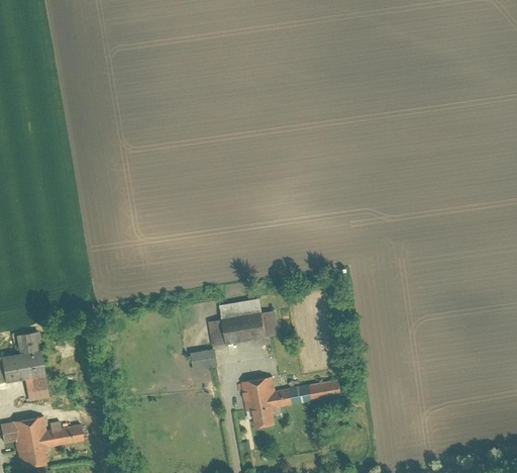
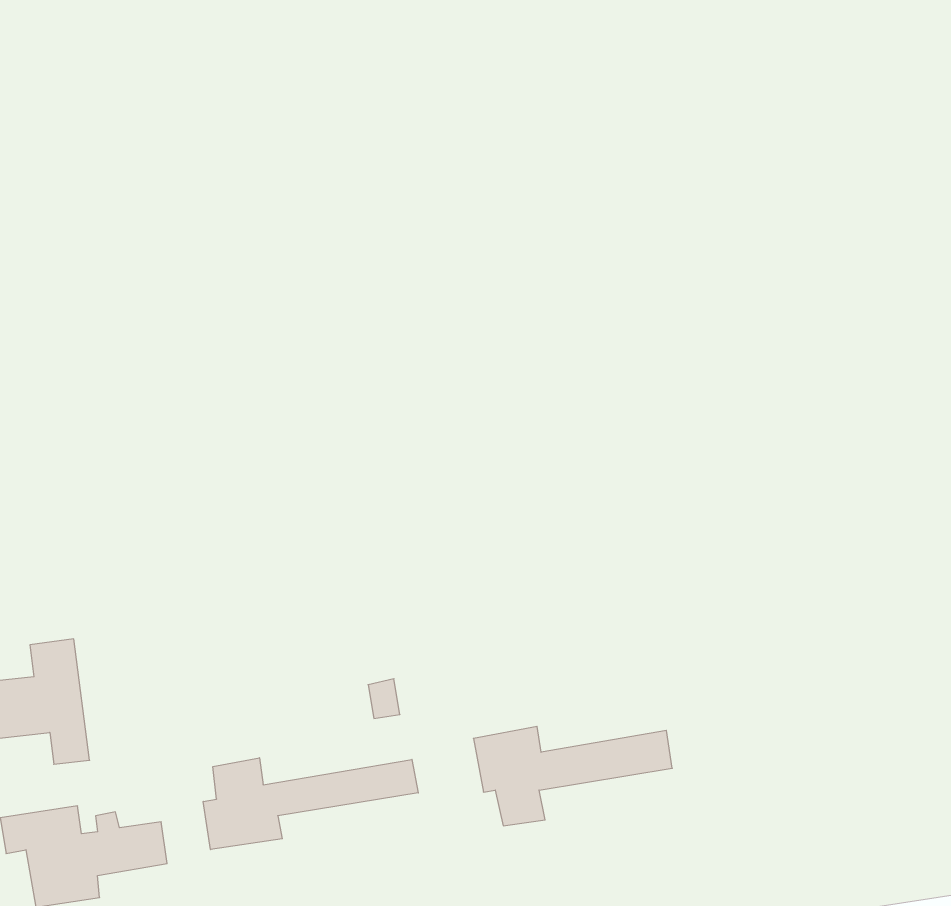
building: [208,297,281,348] -> none
building: none -> [203,758,418,850]

